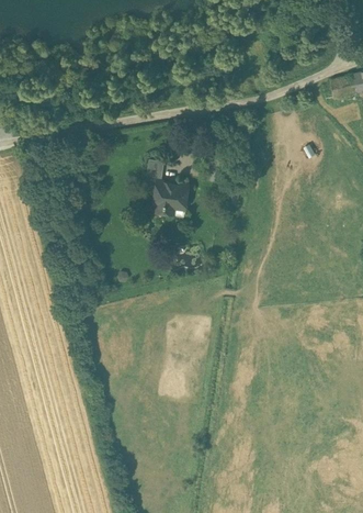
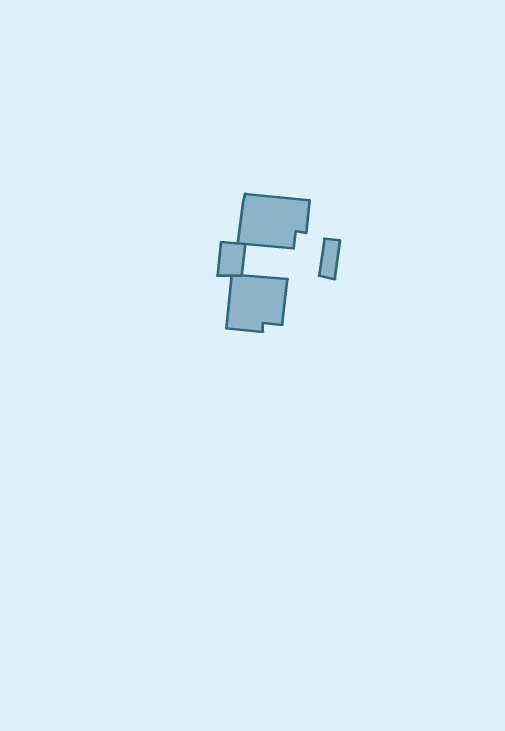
building: none -> [238,194,310,248]

